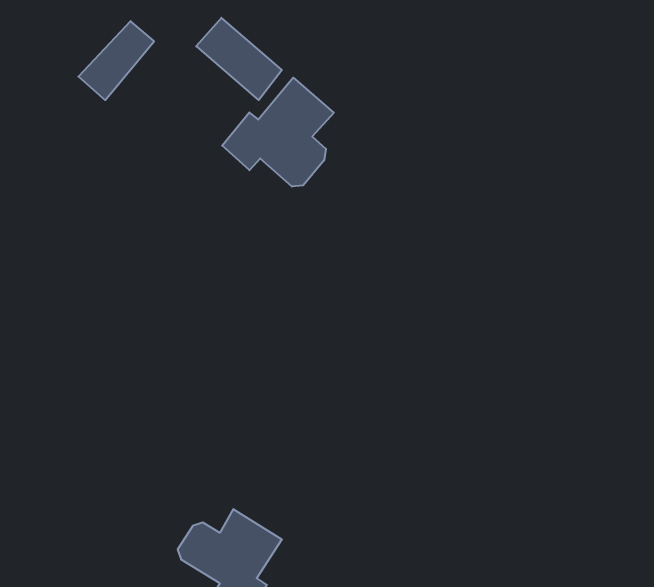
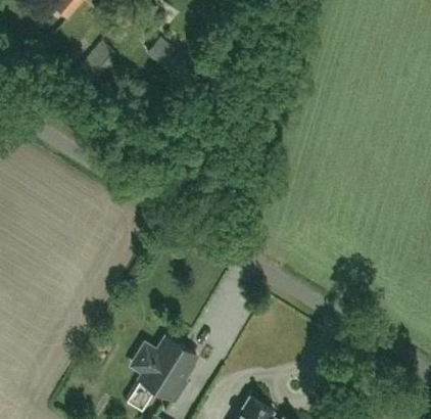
building: [222,78,334,187] -> none

